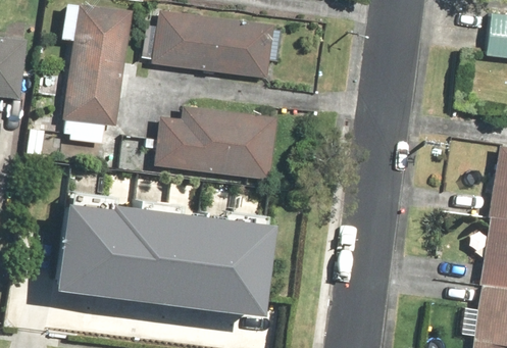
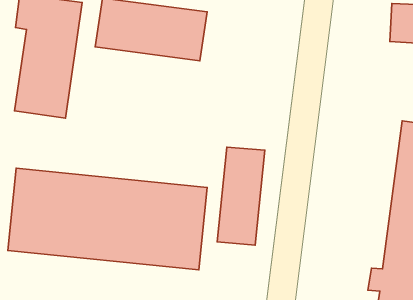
building: [157,107,280,178] -> none
building: none -> [217,147,265,245]

